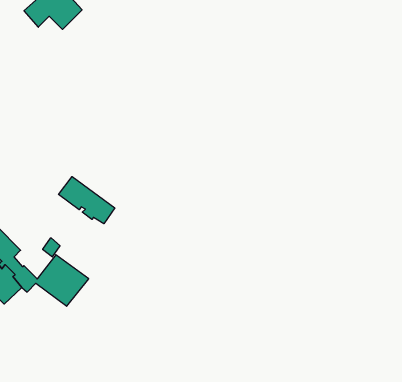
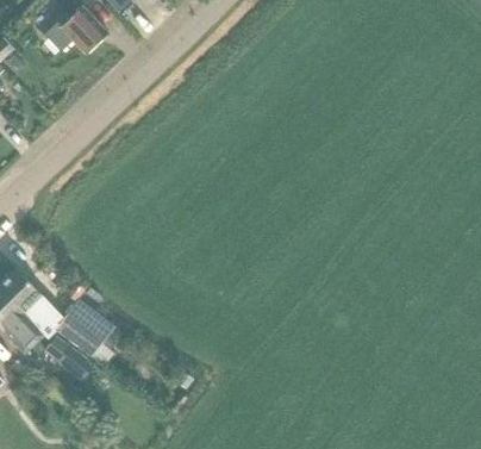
building: [59,177,115,224] -> none
building: none -> [43,333,94,380]

